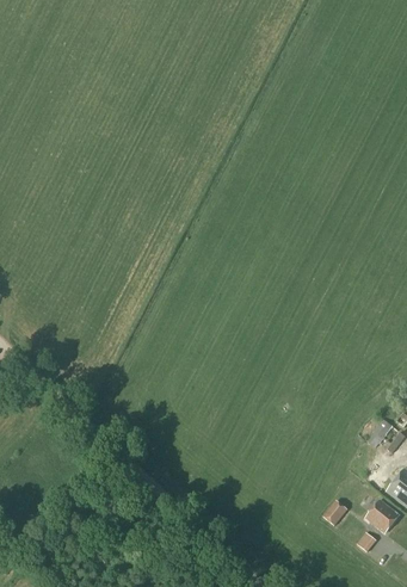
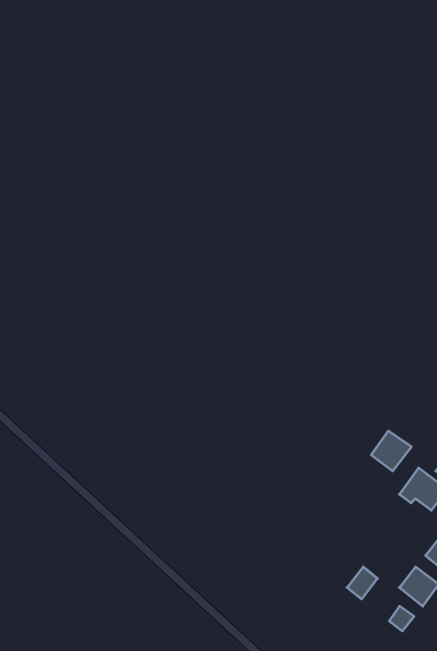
building: none -> [371,431,411,471]

